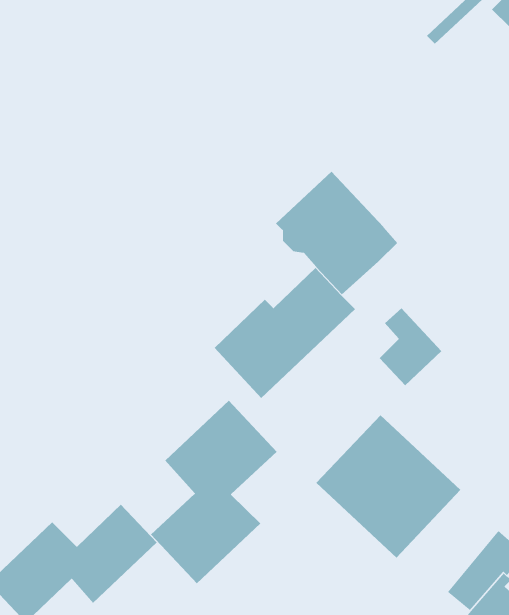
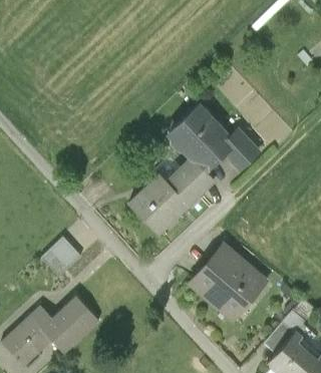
building: [379,307,442,386] -> [226,126,262,171]
building: [150,400,278,584] -> none
building: none -> [42,236,80,273]

